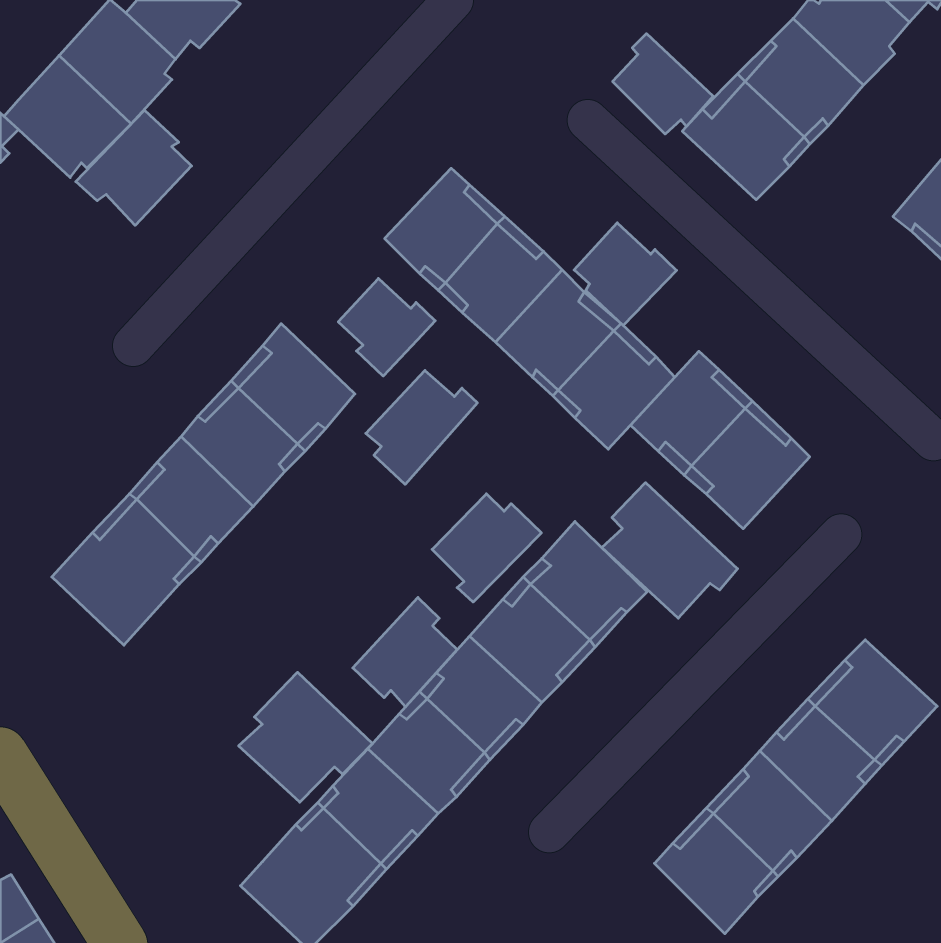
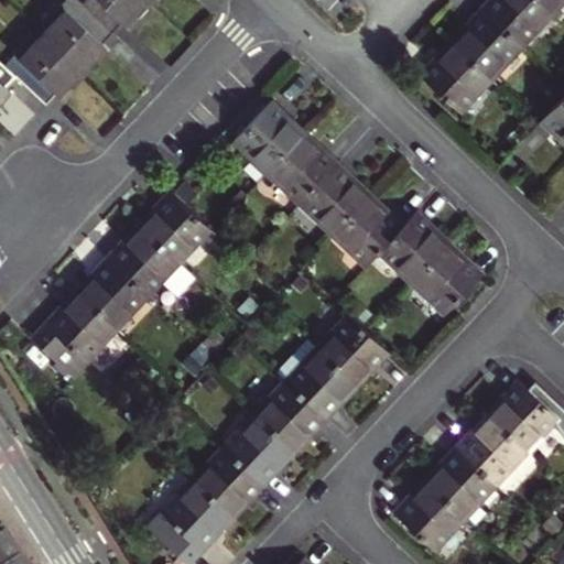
building: [613,34,713,134] -> none
building: [76,110,192,225] -> none
building: [574,223,677,325] -> none
building: [338,278,435,376] -> none
building: [366,370,477,484] -> none
building: [602,483,738,618] -> none
building: [432,494,541,602] -> none
building: [353,597,457,707] -> none
building: [239,672,373,802] -> none

